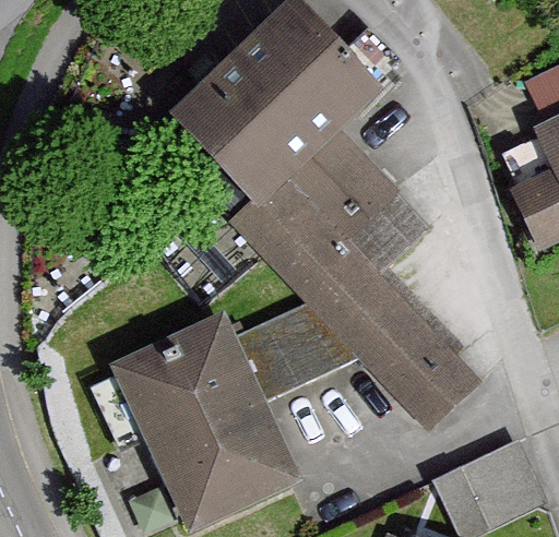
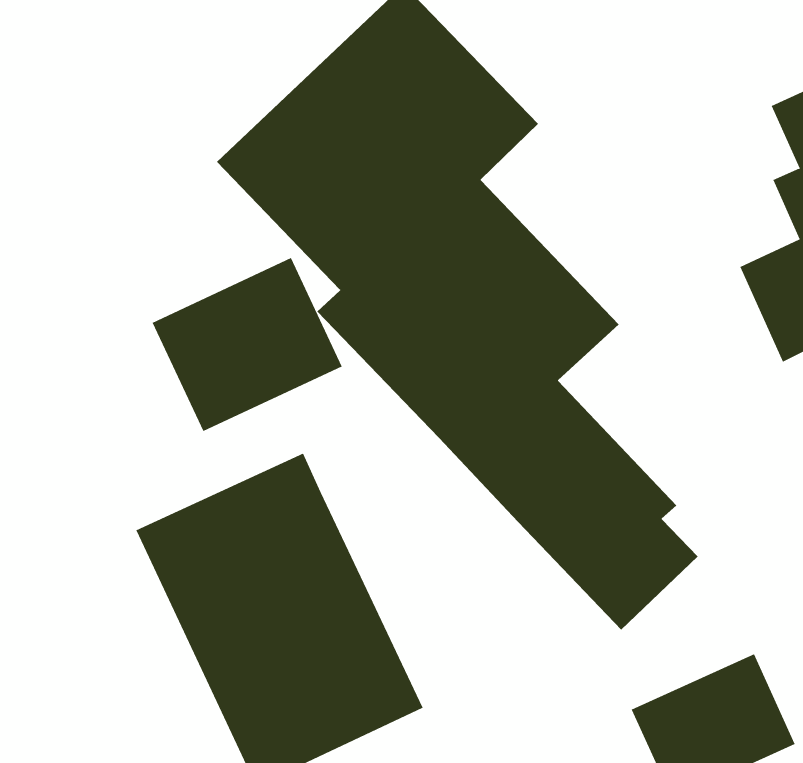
building: none -> [152,257,342,432]
building: [233,301,362,402] -> none

